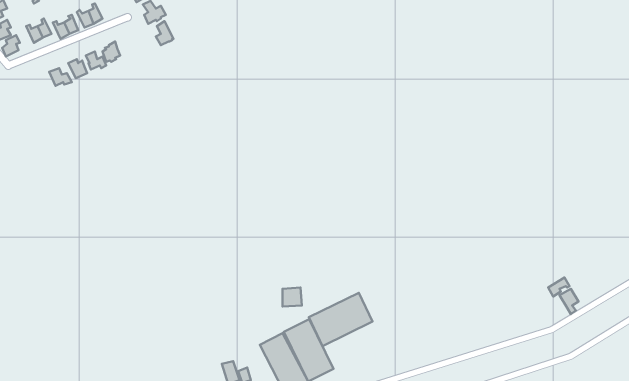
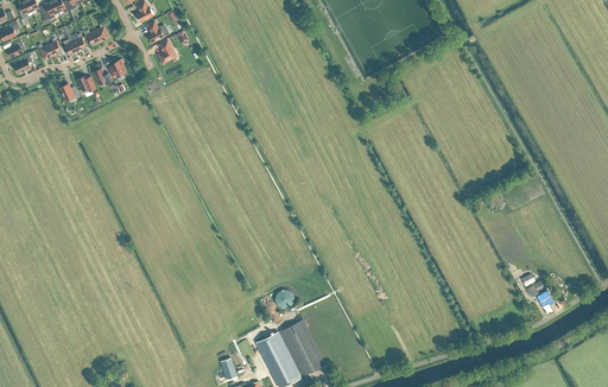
building: [309,293,373,346] -> none

